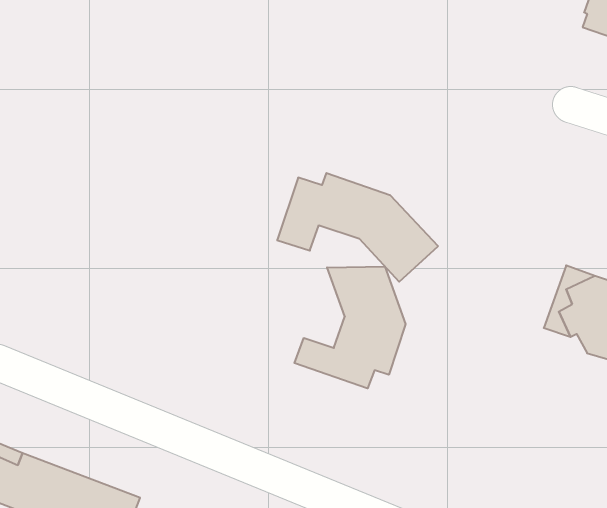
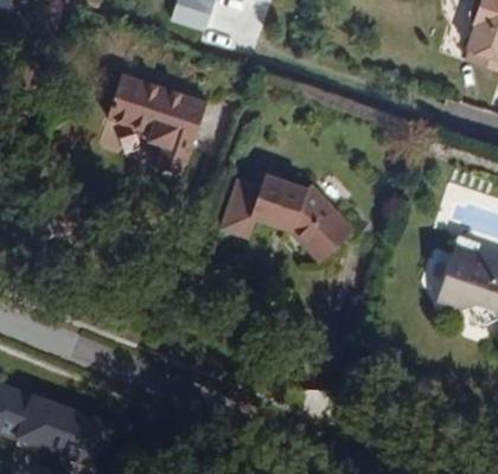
building: none -> [104,72,204,173]
building: [294,266,405,388] -> none

